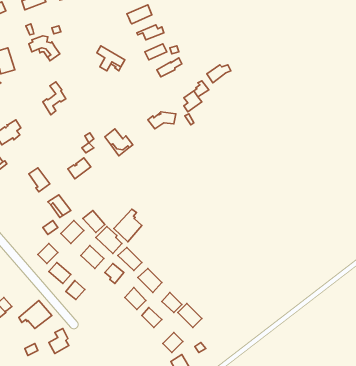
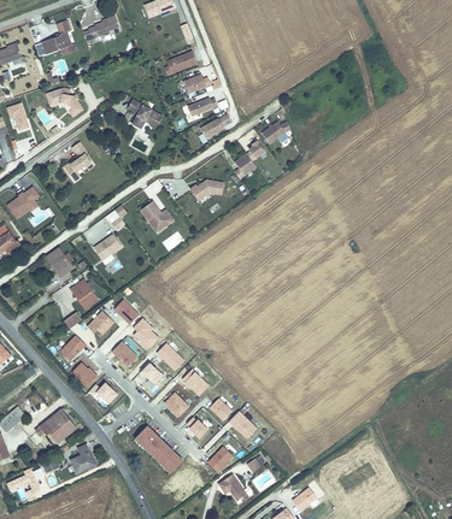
building: [114,209,142,242] -> none
building: none -> [131,424,182,473]

